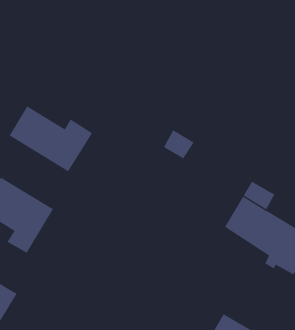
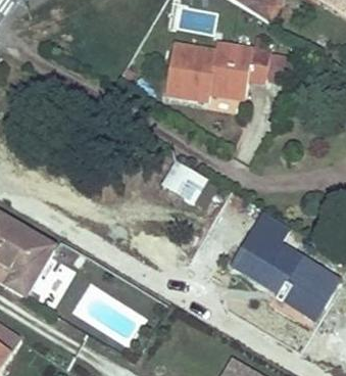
building: none -> [164,44,266,98]
building: [9,106,93,172] -> none

